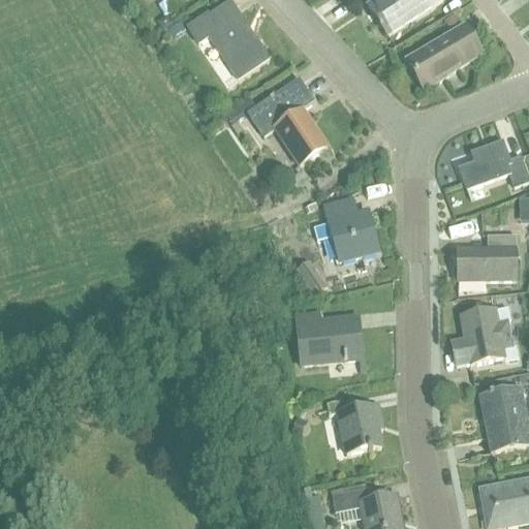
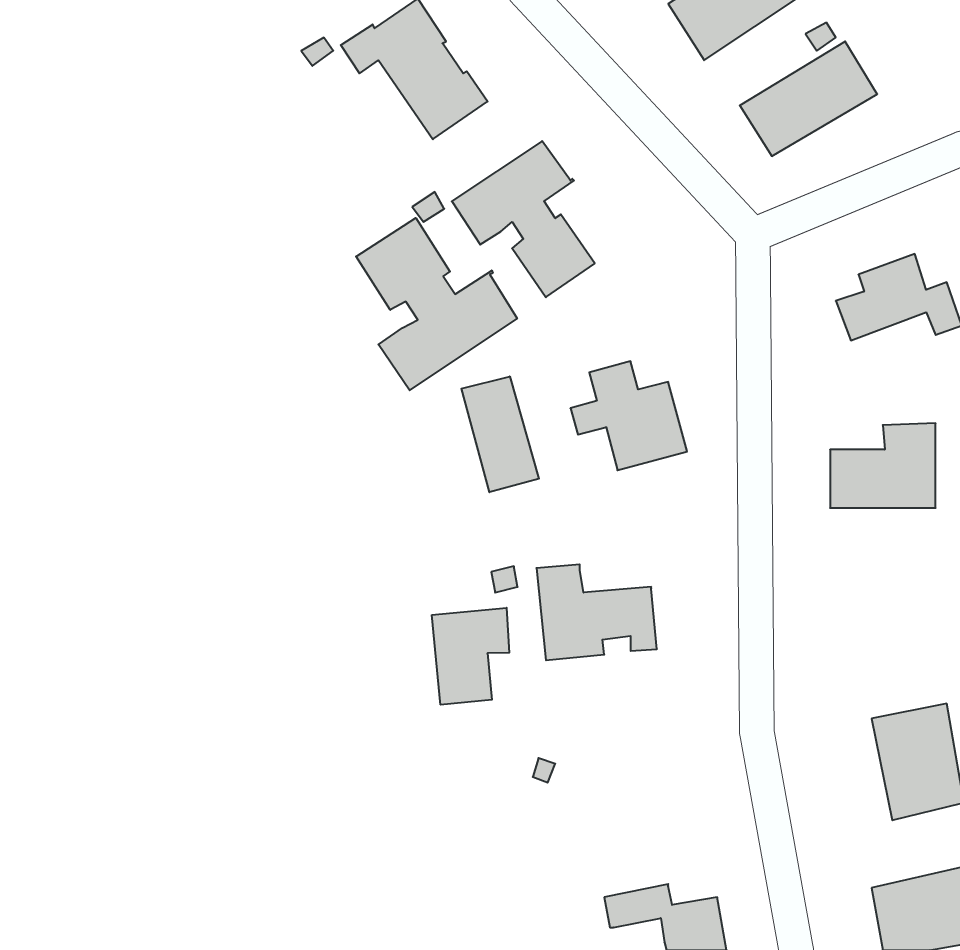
building: none -> [356,218,517,390]
building: none -> [461,376,539,492]
building: [453,306,512,364] -> none
building: none -> [432,608,509,705]
building: [326,396,380,452] -> none

